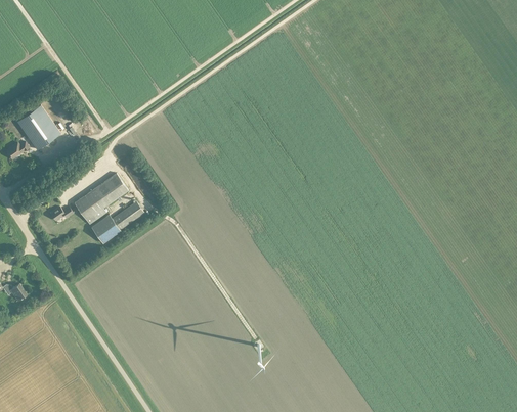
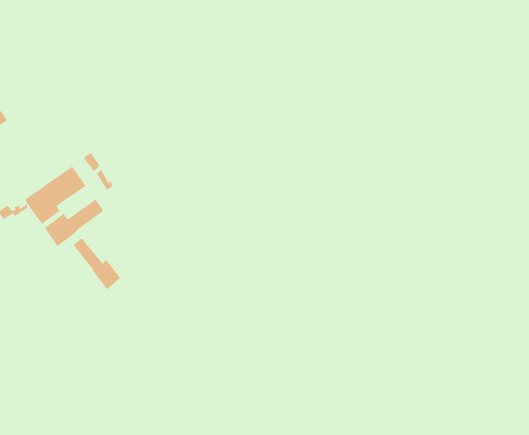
building: none -> [73,237,121,290]

